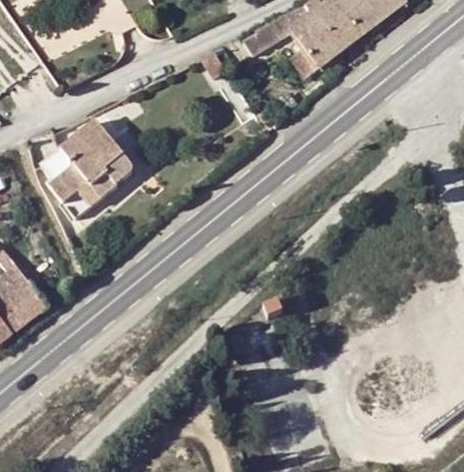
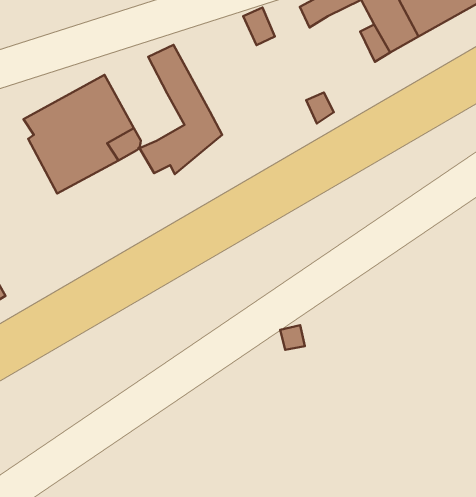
building: none -> [139,45,222,174]

